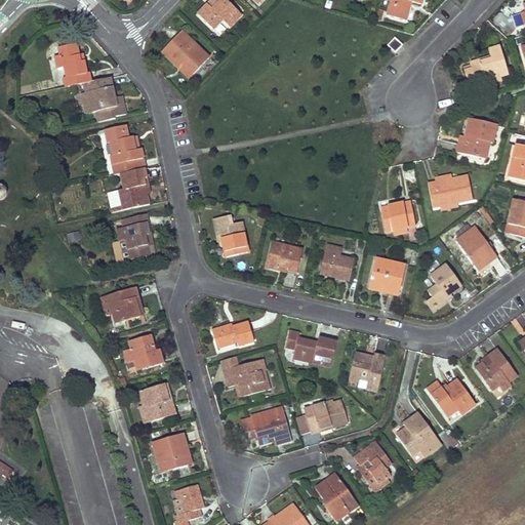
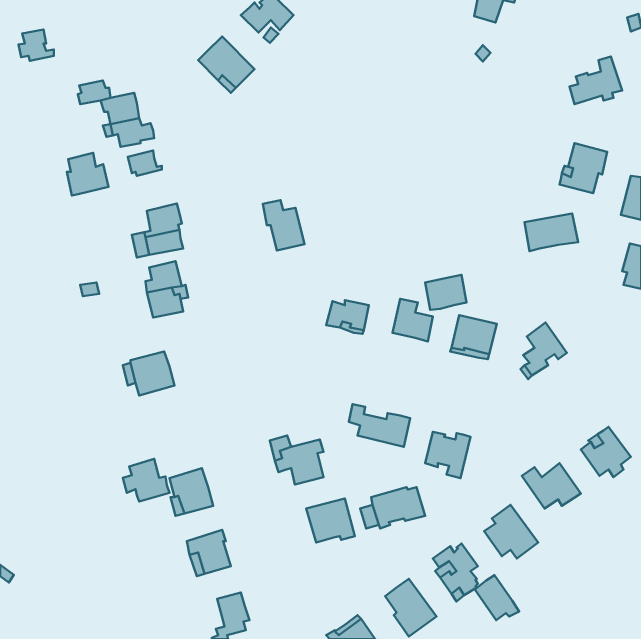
building: [55,44,84,70] -> [19,30,54,61]
building: [111,138,145,173] -> [67,153,108,196]
building: [381,201,415,230] -> [425,275,467,310]
building: [214,215,248,256] -> [263,200,304,250]
building: [456,226,496,269] -> none
building: [211,321,252,346] -> none
building: [124,335,162,370] -> [123,459,169,502]
building: none -> [475,575,519,620]

